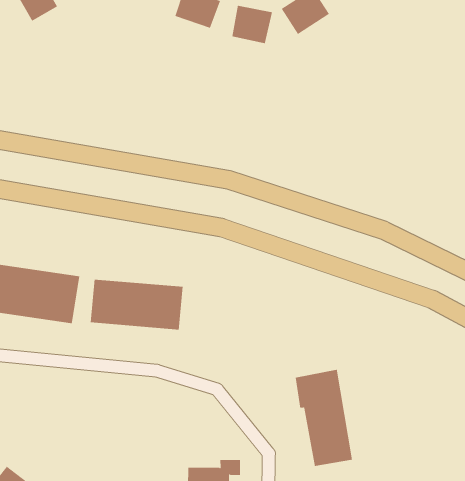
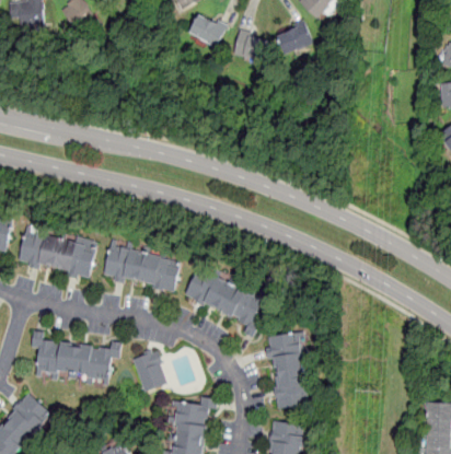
building: none -> [184,265,269,337]
building: none -> [32,328,120,387]
building: none -> [131,348,167,393]

